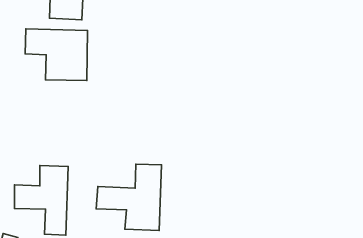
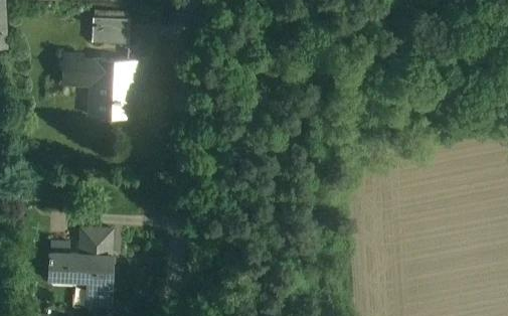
building: [96,164,161,231] -> none

